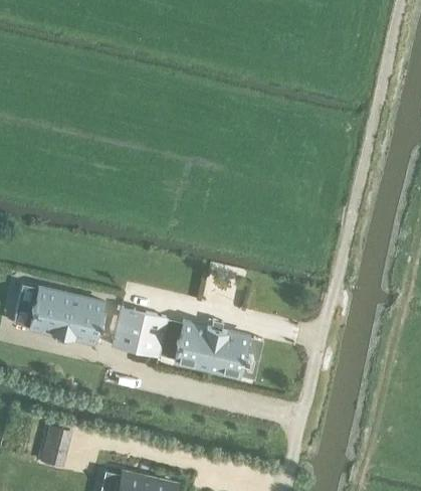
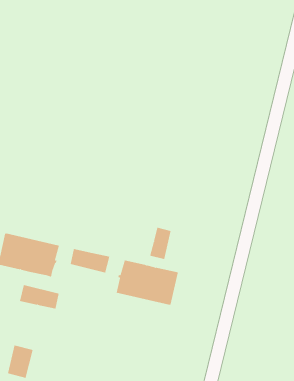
building: none -> [150,227,171,260]
building: [113,326,162,356] -> [19,285,60,309]

